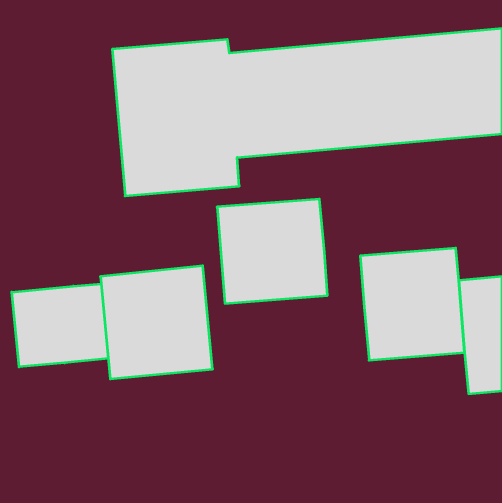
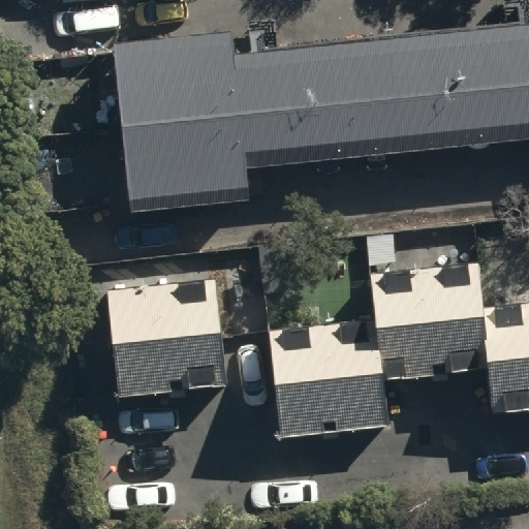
building: [217,199,327,303] -> [275,322,391,432]
building: [12,284,108,367] -> none

